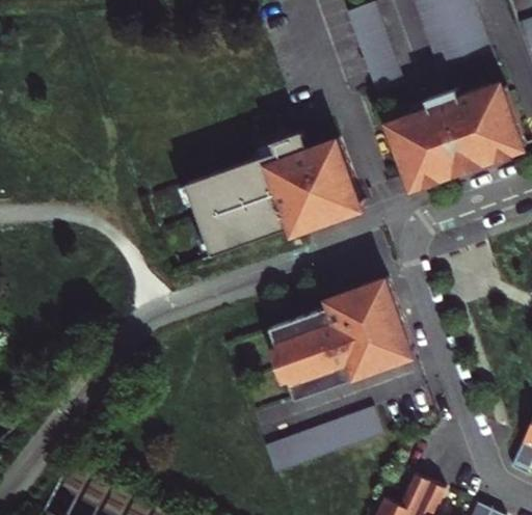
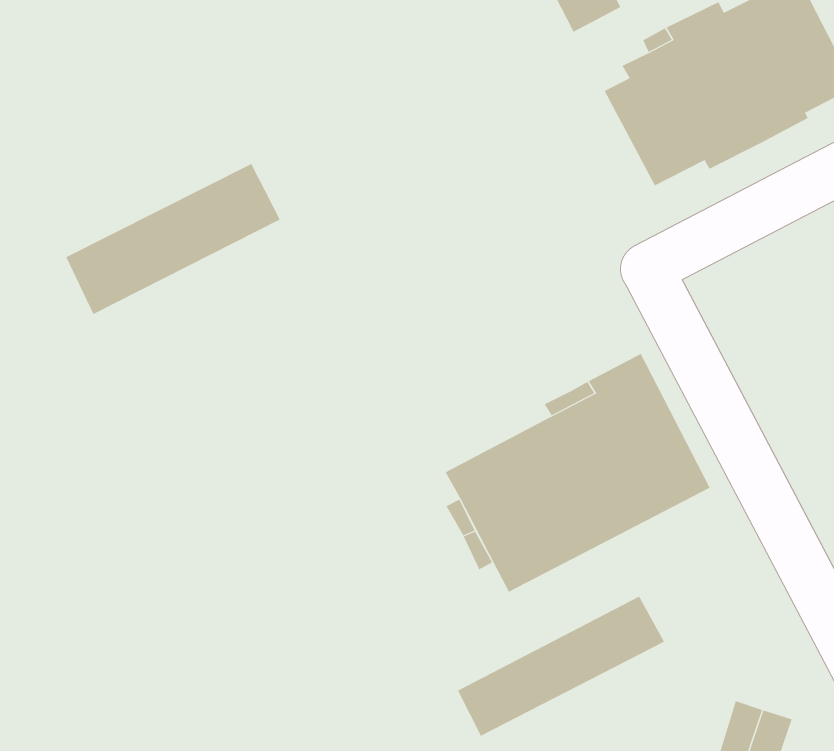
building: [182,132,363,254] -> none
building: none -> [65,163,281,315]

